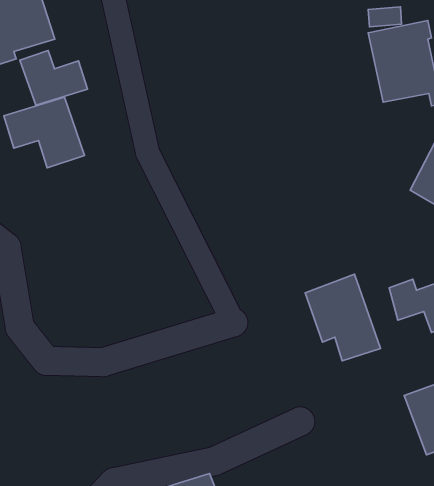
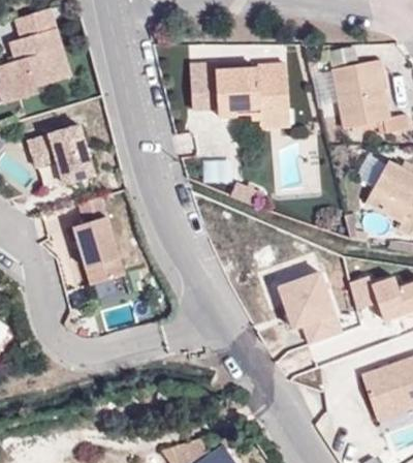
building: none -> [190,63,290,125]
building: [20,51,88,105] -> none
building: none -> [74,195,125,283]

